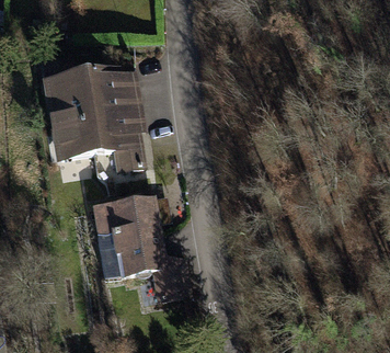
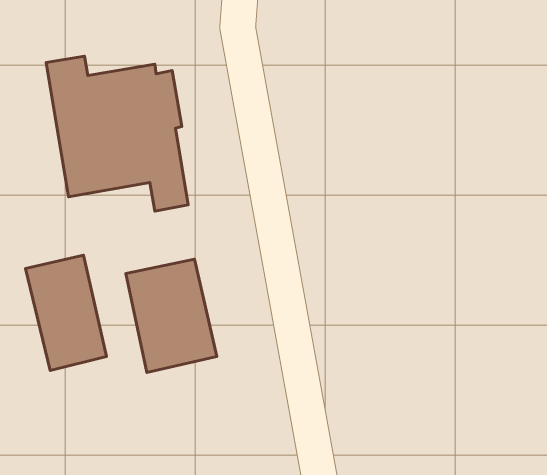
building: none -> [26,255,106,371]

